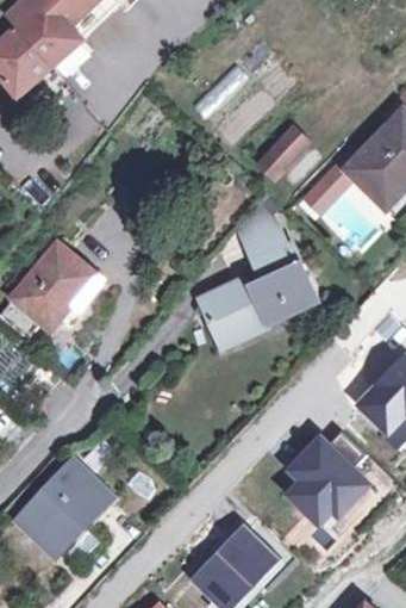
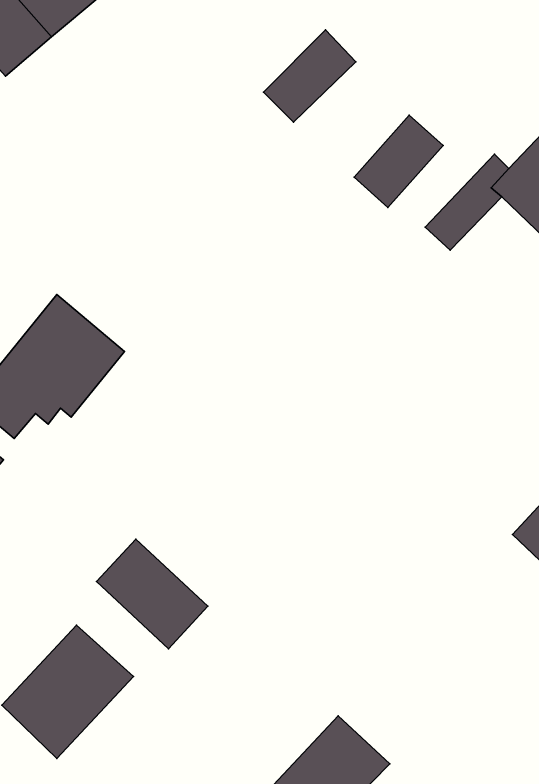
building: [200,205,310,337] -> none
building: none -> [96,539,208,649]
building: [289,434,367,520] -> none

